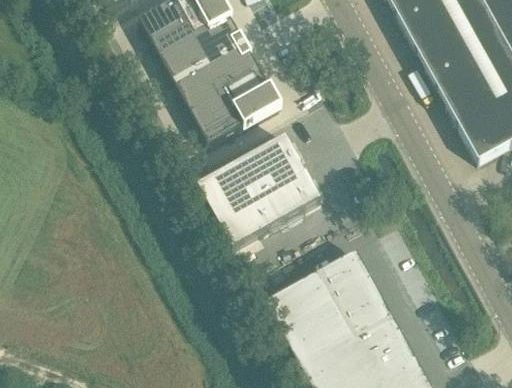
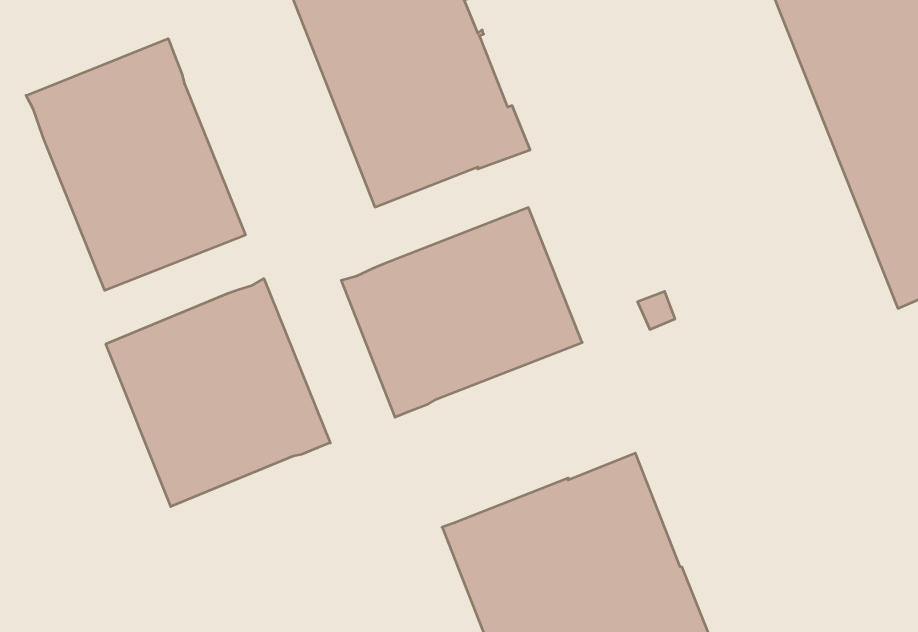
building: none -> [26,39,245,290]
building: none -> [106,279,330,507]

